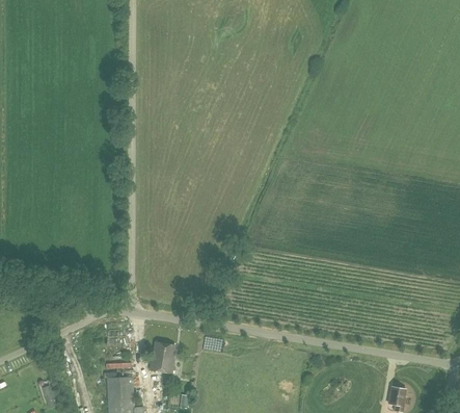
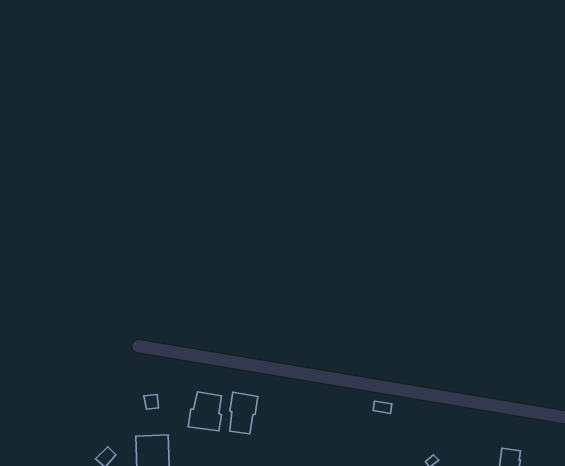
building: none -> [230,392,258,434]

